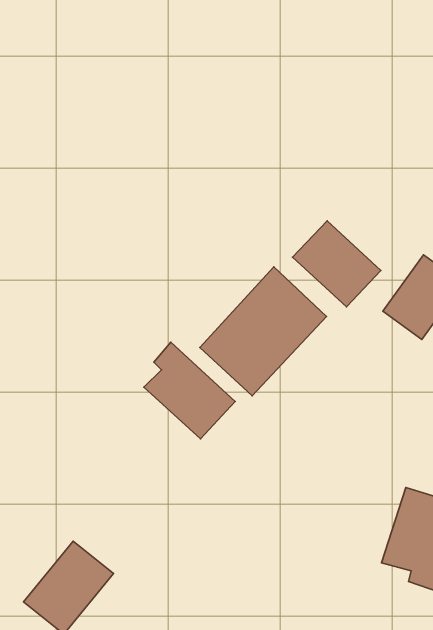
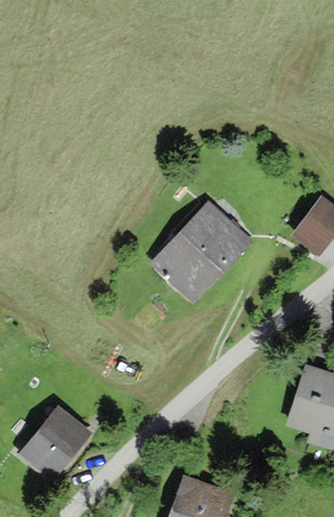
building: [293,221,381,307] -> none
building: [144,342,235,439] -> none

